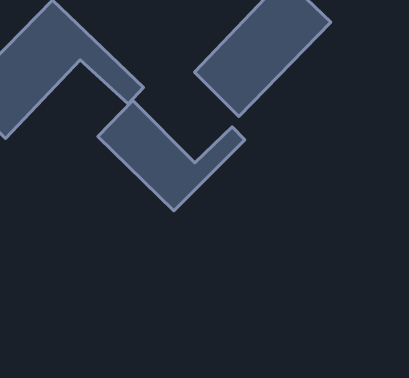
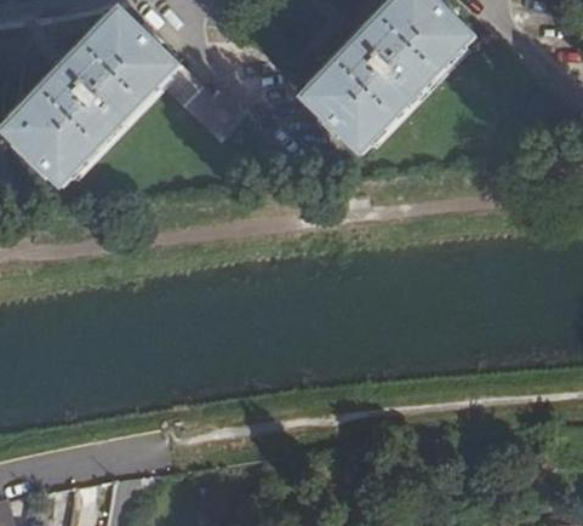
building: [98,101,245,211] -> none

